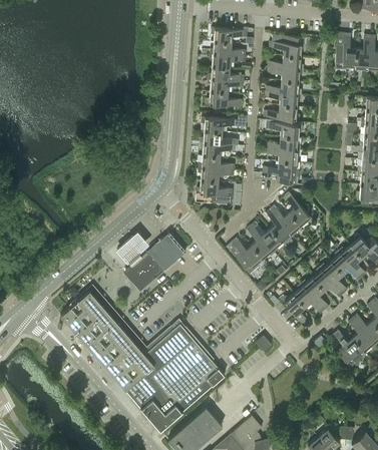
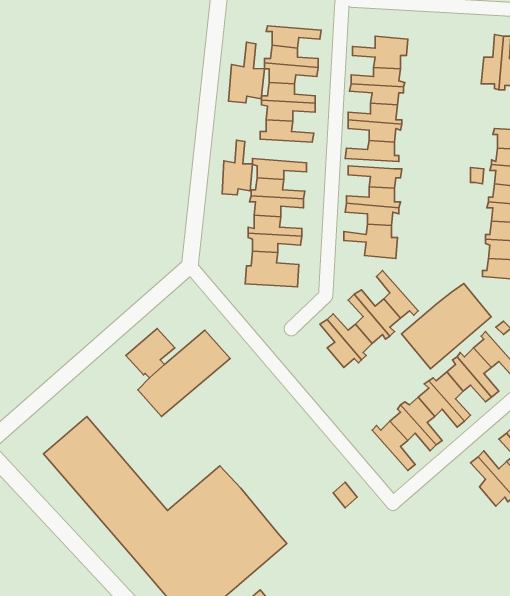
building: [336,33,357,69] -> none
building: none -> [228,42,265,103]
building: none -> [222,140,253,195]
building: none -> [402,284,491,369]
building: [227,238,263,274] -> none
building: [334,331,365,368] -> none

